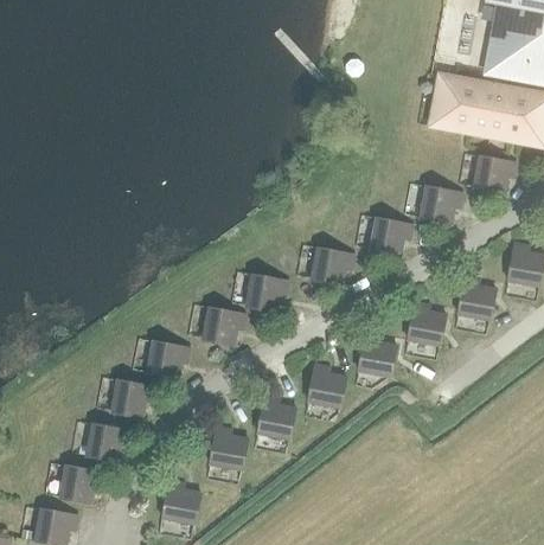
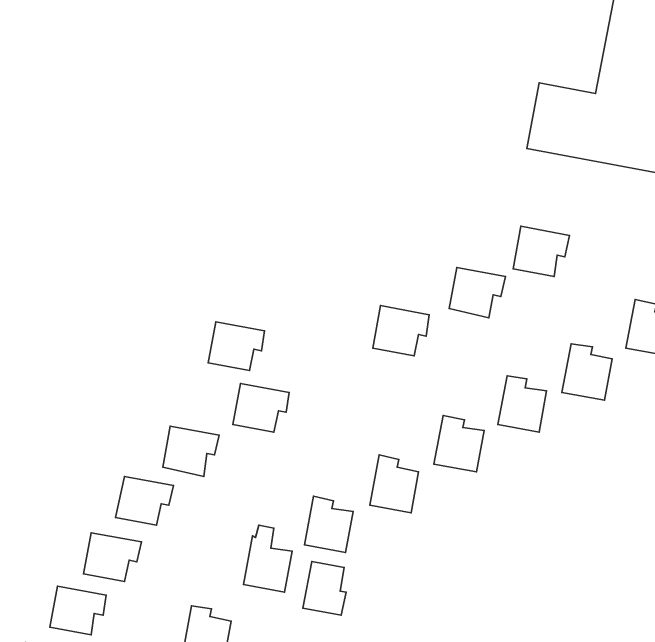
building: [472,155,516,193] -> none
building: [244,274,288,312] -> [208,322,265,371]
building: none -> [303,562,346,615]

